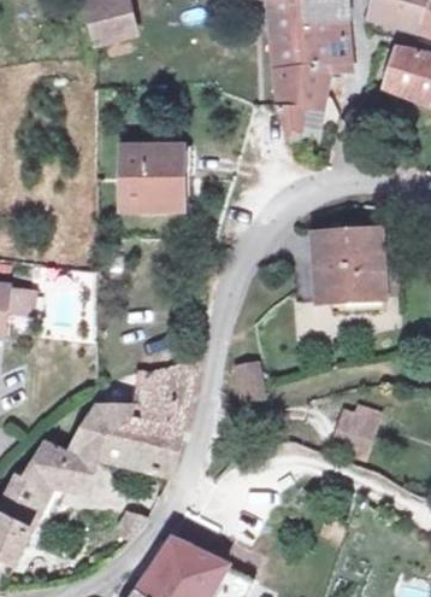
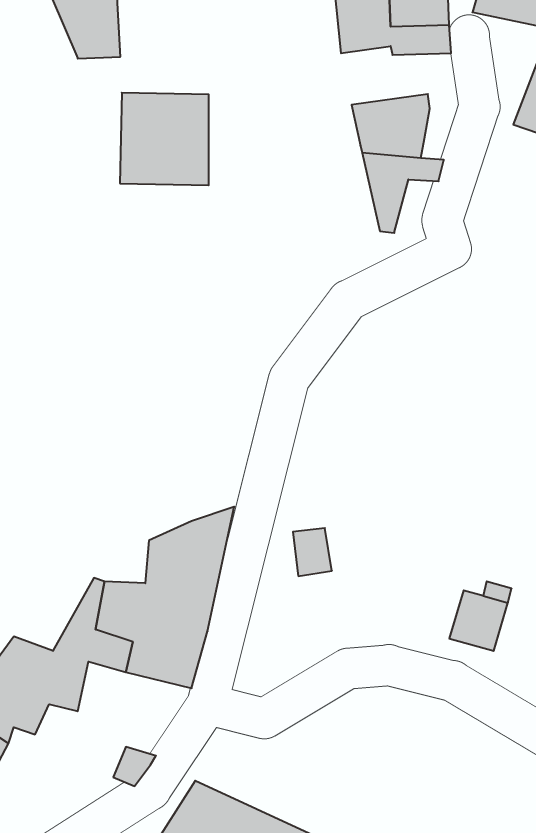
building: [271,37,348,77] -> none
building: [118,146,178,209] -> [120,93,209,185]
building: [309,232,379,311] -> none

